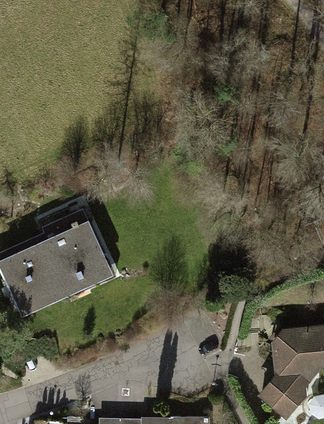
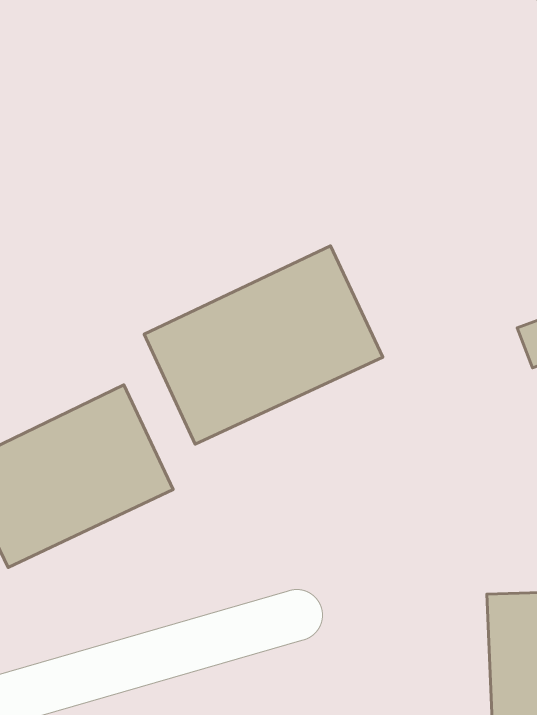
building: none -> [144,246,383,444]

